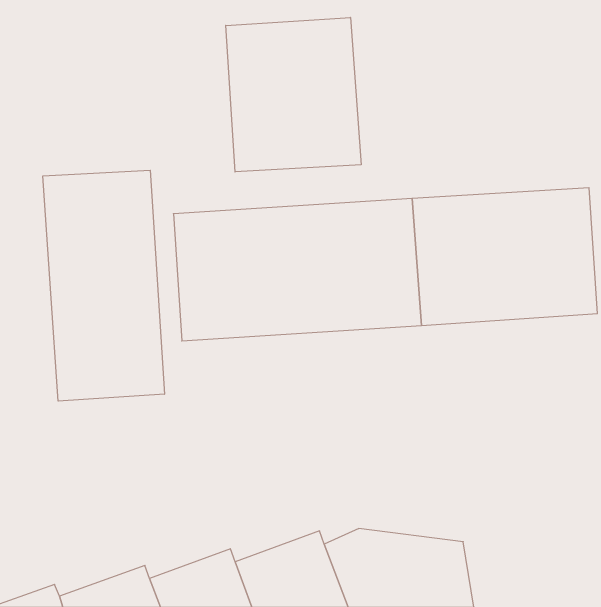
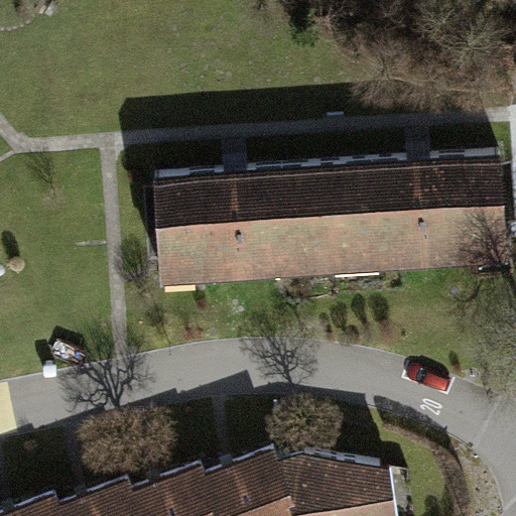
building: [226,17,361,172] -> none
building: [43,170,164,401] -> none

